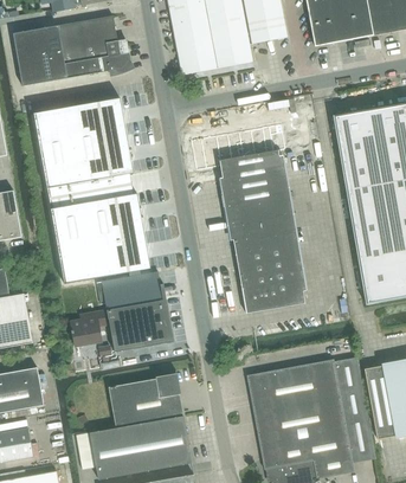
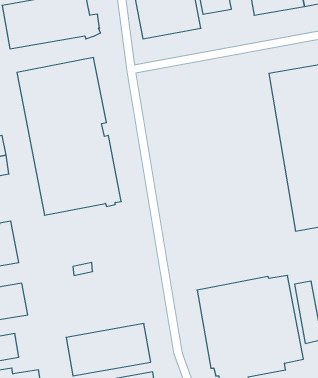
building: [191,124,305,313] -> none
building: [99,271,174,346] -> none
building: [69,309,105,346] -> none
building: [109,374,183,425] -> none

